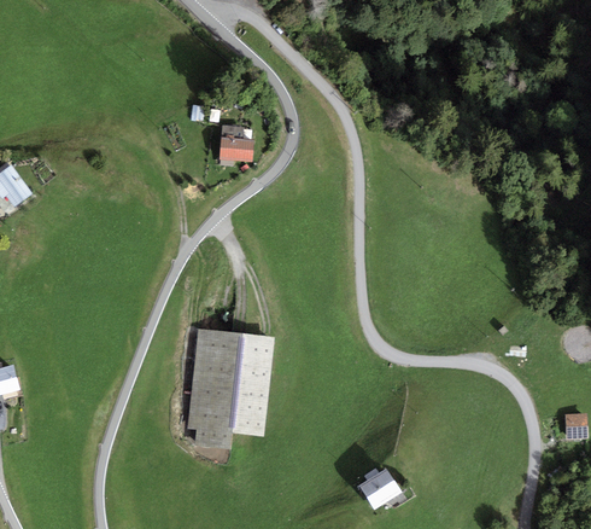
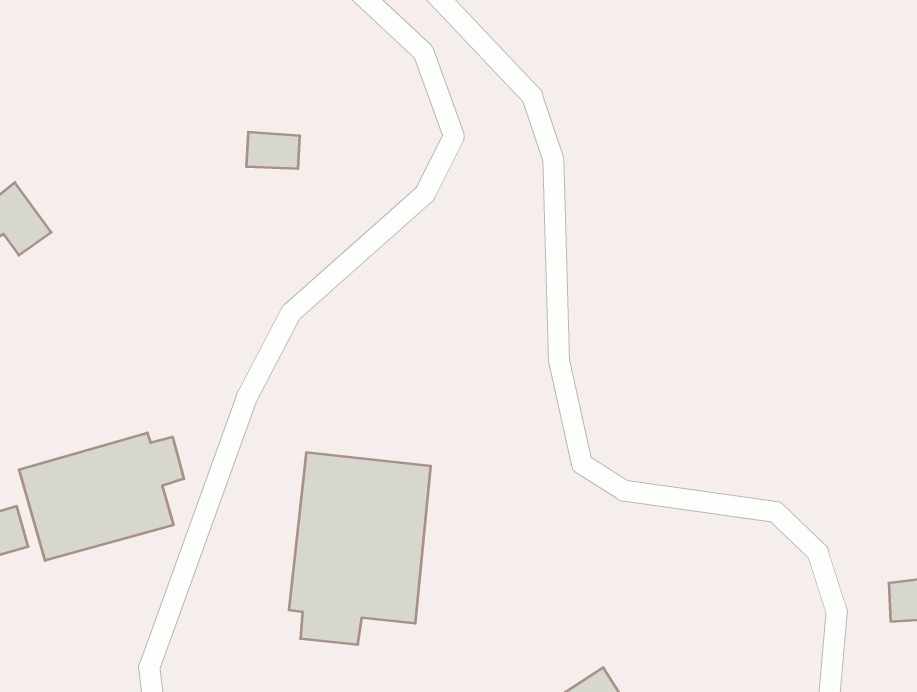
building: [218,133,252,156] -> [246,132,300,169]
building: none -> [19,433,184,561]

